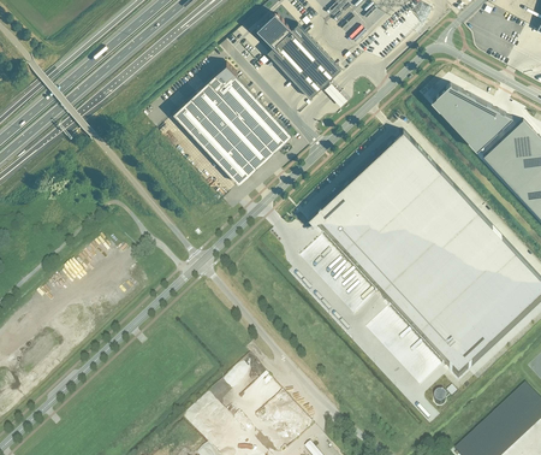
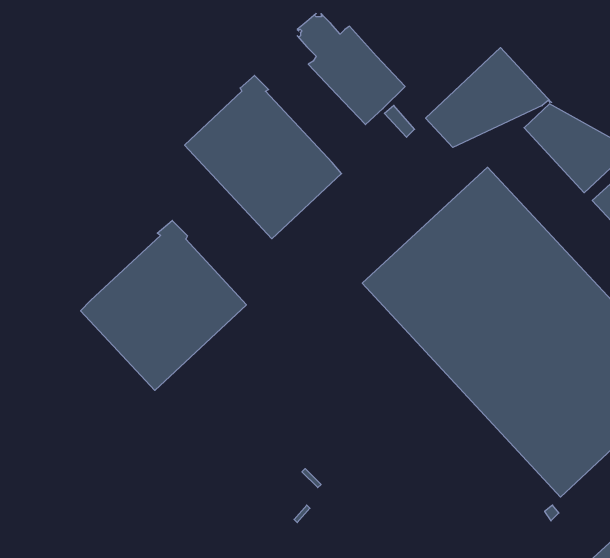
building: none -> [426,48,552,147]
building: none -> [81,220,246,390]

